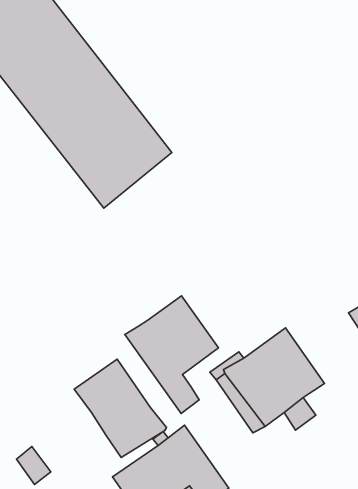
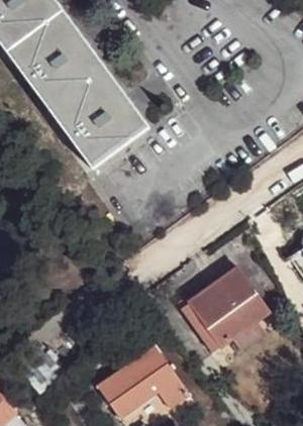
building: [125,296,219,413] -> none
building: [74,359,167,457] -> none

